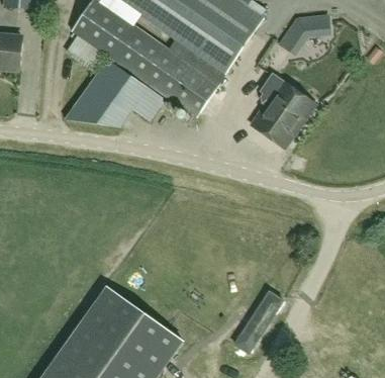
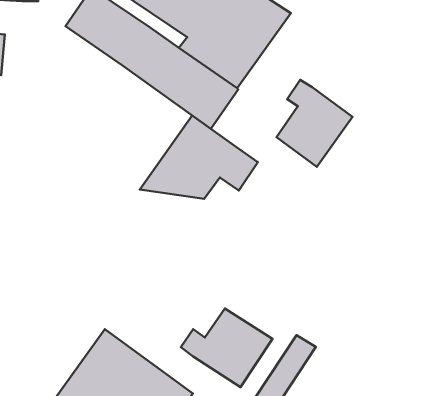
building: [279,15,331,57] -> none
building: [66,58,166,128] -> [140,116,258,199]
building: none -> [181,308,272,387]

